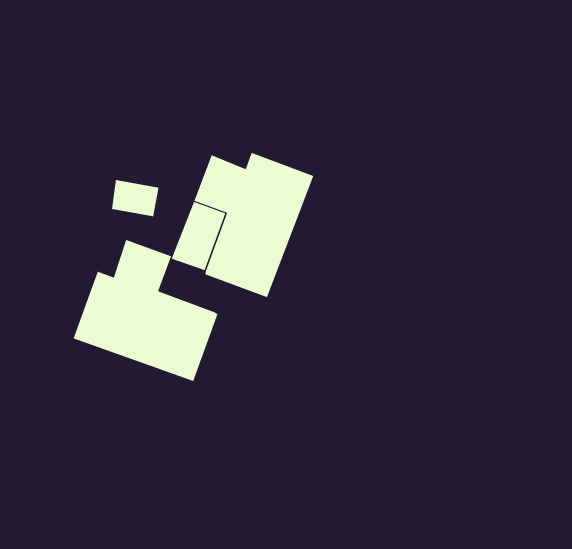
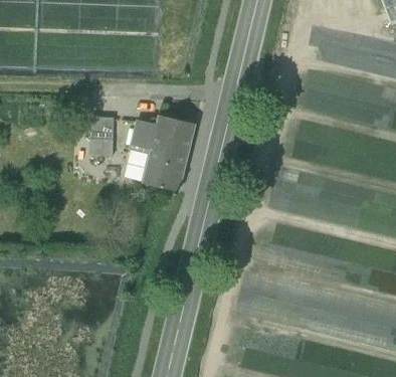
building: none -> [89,118,114,141]
building: [73,239,218,382] -> none

